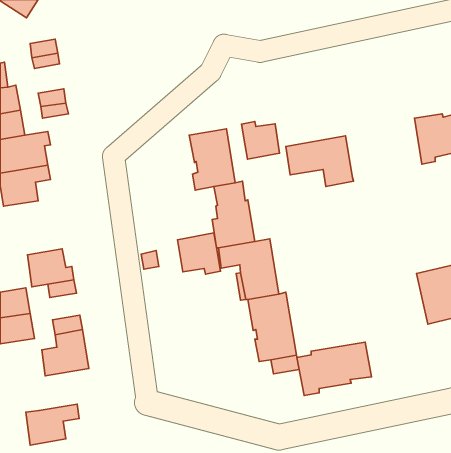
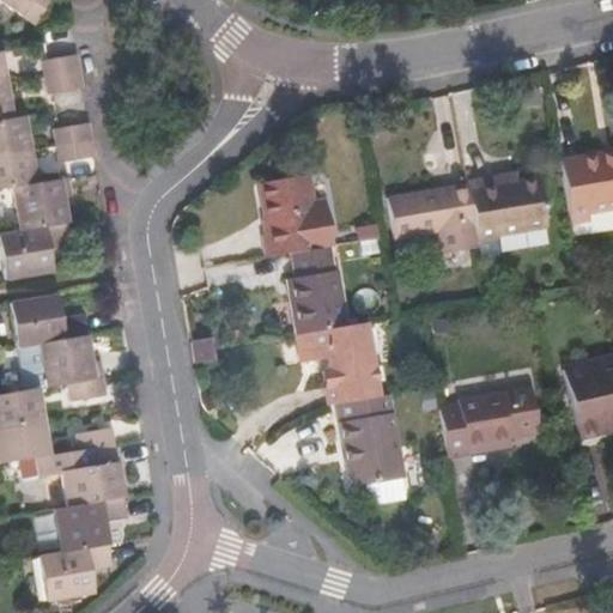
building: [242,121,280,159] -> none
building: none -> [469,176,548,239]
building: none -> [12,295,87,347]
building: [177,233,221,274] -> none
building: [297,342,372,396] -> [439,386,540,457]
building: none -> [50,497,126,553]

